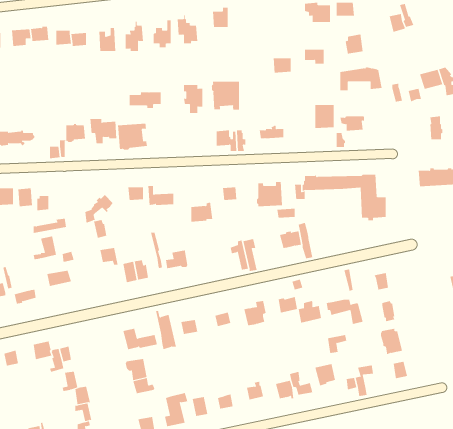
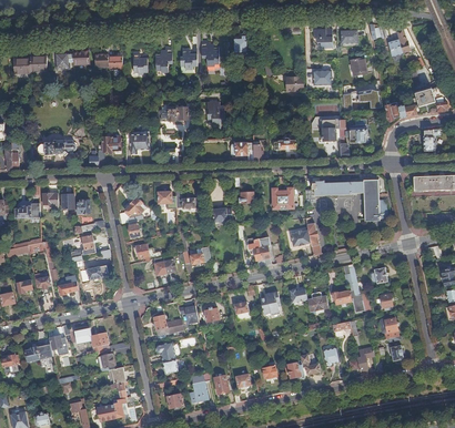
building: [211,81,240,111] -> none
building: [118,123,147,151] -> none

